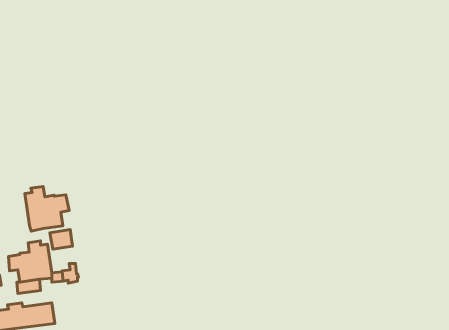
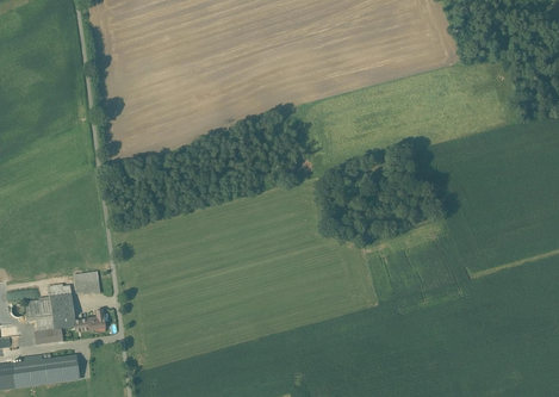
building: [25,187,69,231] -> none

